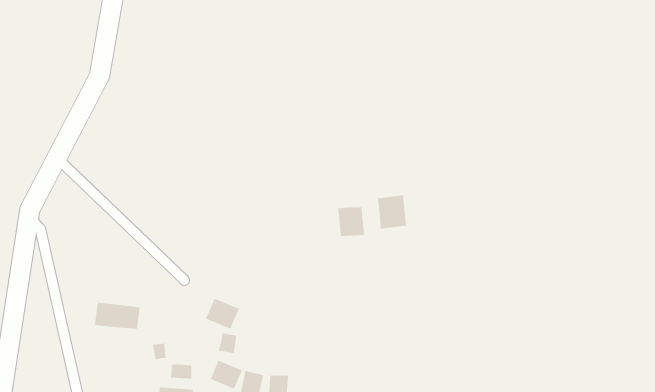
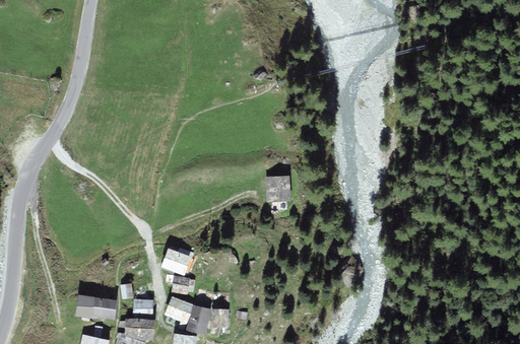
building: [377,195,406,229] -> none
building: [94,302,140,329] -> [78,296,115,318]

